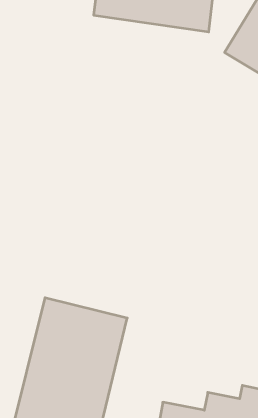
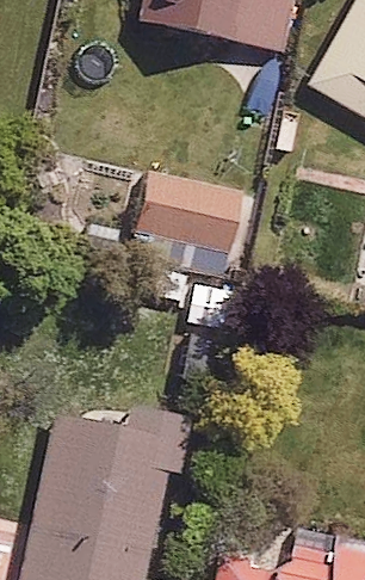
building: none -> [126,153,247,248]

